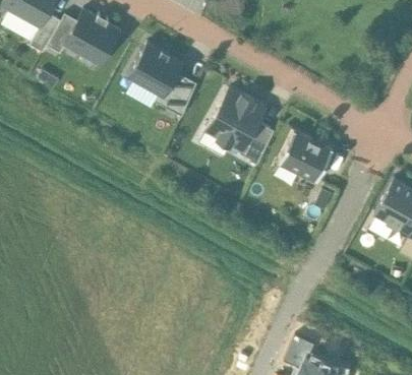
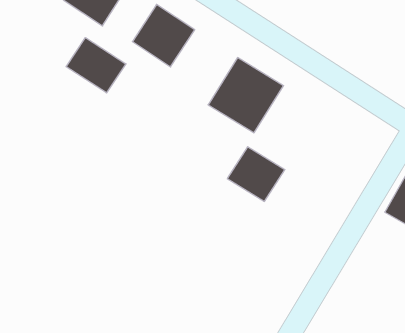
building: none -> [66,38,126,93]
building: [283,131,334,179] -> [227,147,285,201]

